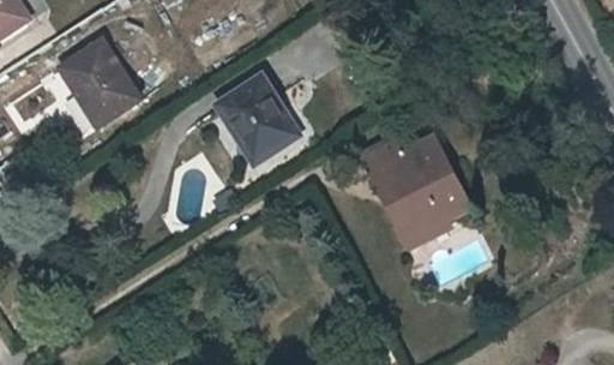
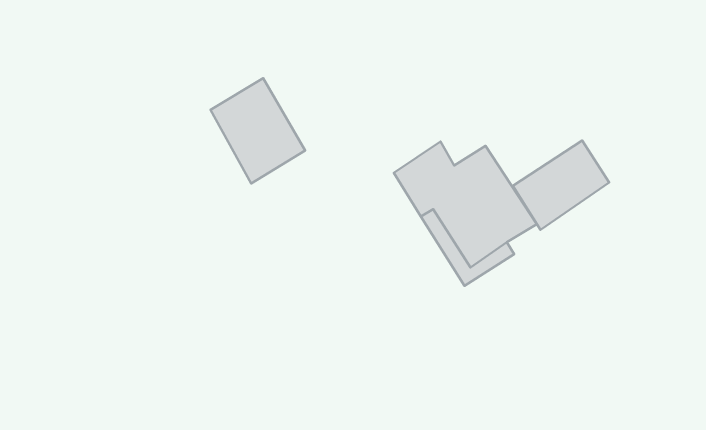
building: [58,42,128,121] -> none
building: none -> [513,140,609,230]

